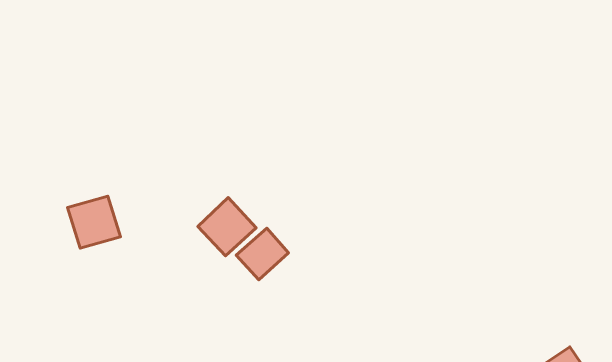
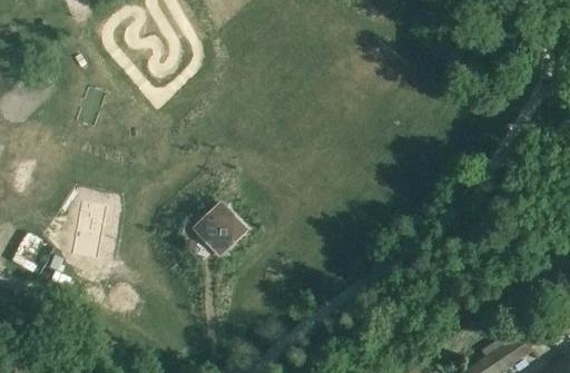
building: [236,228,288,280] -> none

